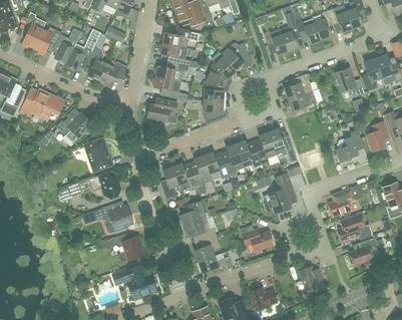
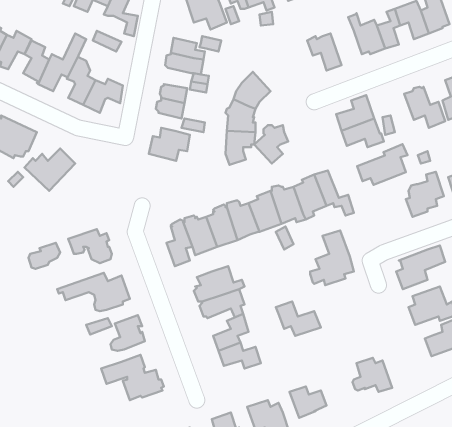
building: [280,11,298,51] -> none
building: [223,42,248,70] -> [254,125,288,163]
building: none -> [357,144,408,185]
building: [84,138,111,171] -> none

